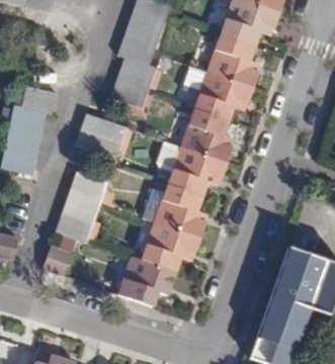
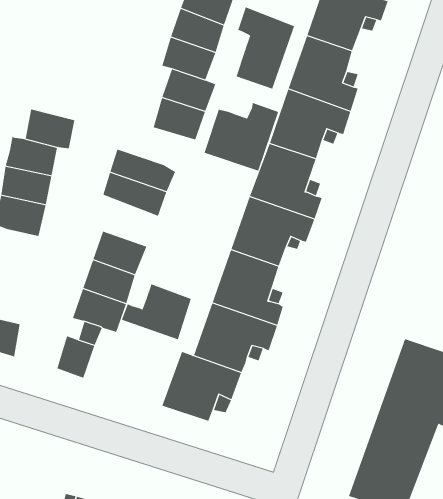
building: none -> [236,7,295,90]
building: none -> [204,102,279,171]
building: none -> [121,284,192,340]

